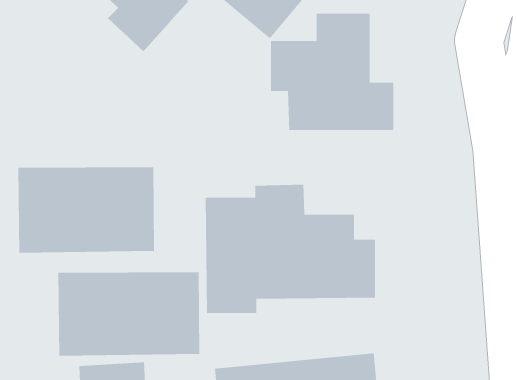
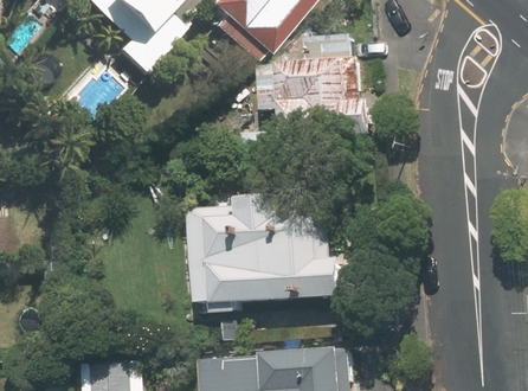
building: [18,166,155,254] -> none
building: [58,271,200,357] -> none

